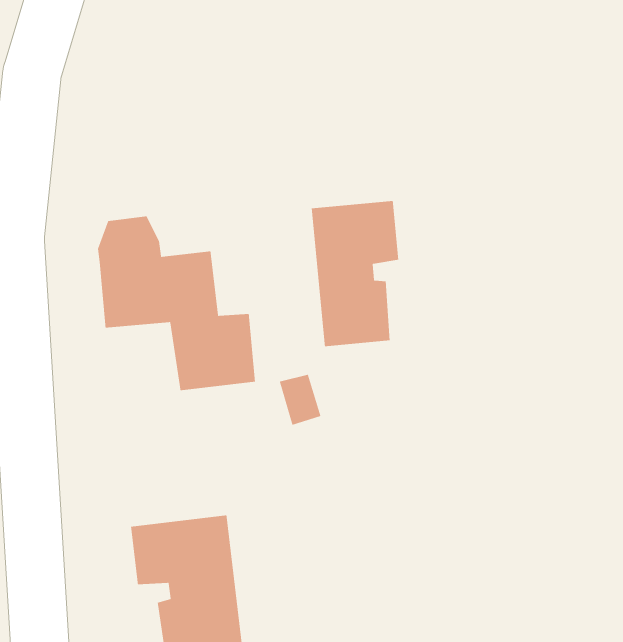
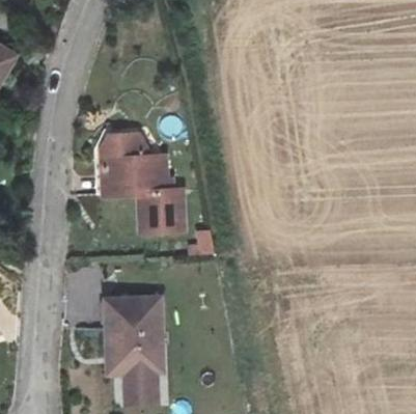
building: [311,200,399,347] -> none

